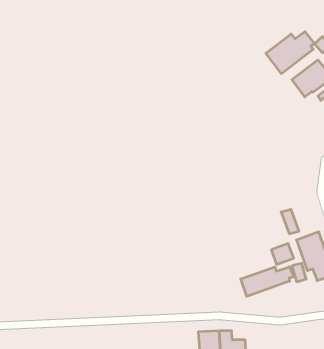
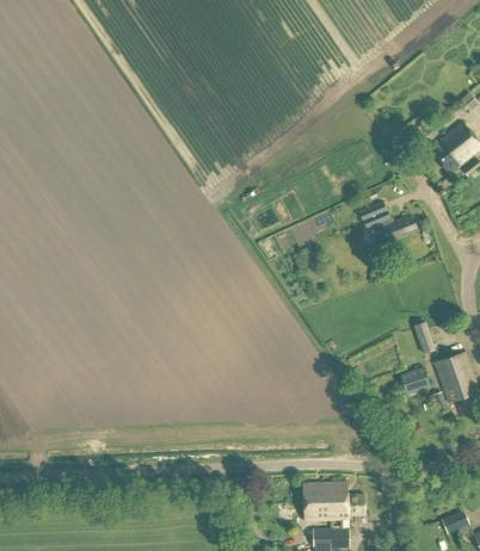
building: [266,32,314,74] -> none
building: none -> [359,204,417,242]
building: [241,267,293,296] -> none

